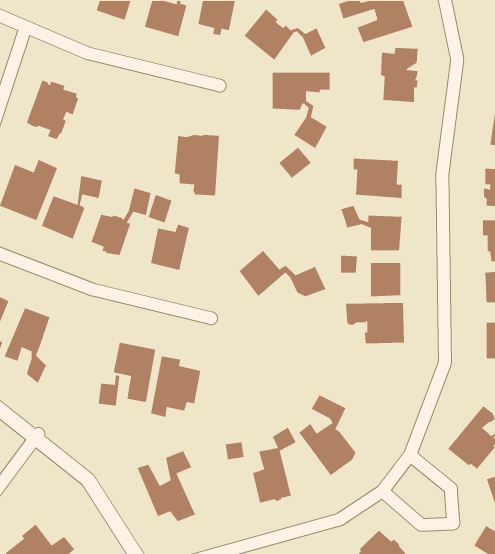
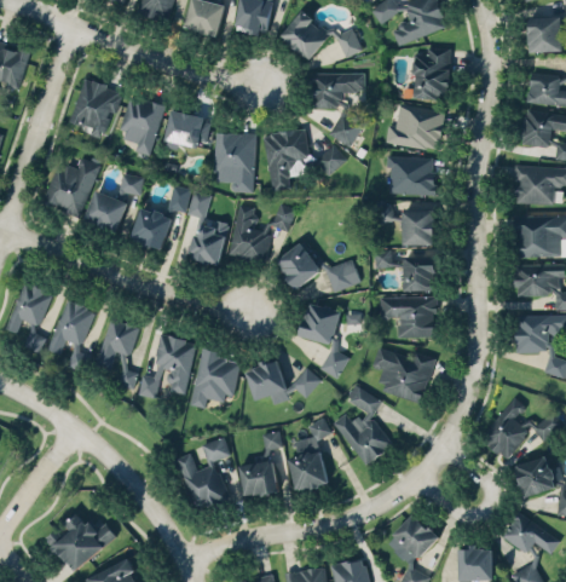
building: none -> [120,97,164,156]
building: none -> [386,104,444,151]
building: none -> [164,111,212,151]
building: none -> [262,129,308,191]
building: none -> [231,202,299,260]
building: none -> [301,304,346,376]
building: none -> [96,318,139,390]
building: none -> [372,346,437,404]
building: none -> [246,363,323,407]
building: none -> [239,460,278,499]

